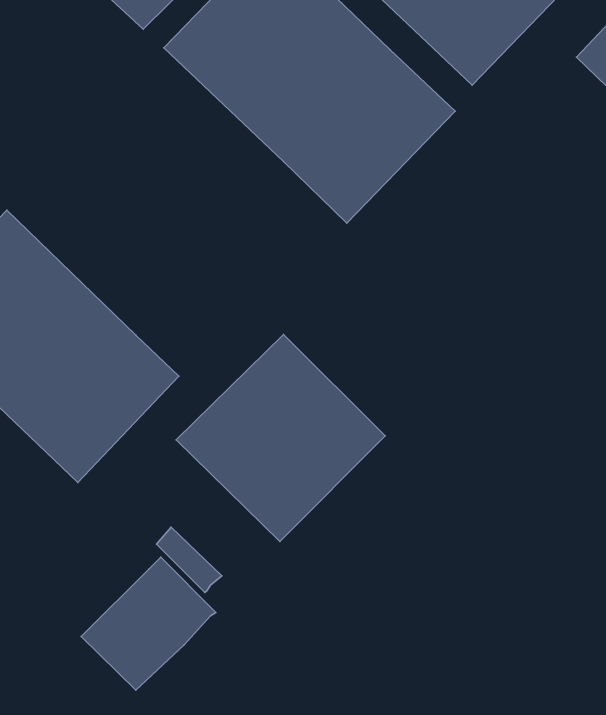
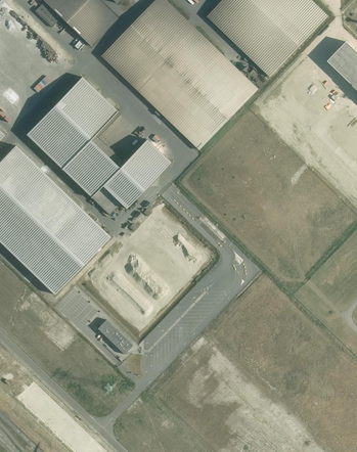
building: none -> [26,76,170,214]
building: [176,334,385,541] -> none
building: [81,557,216,690] -> none

